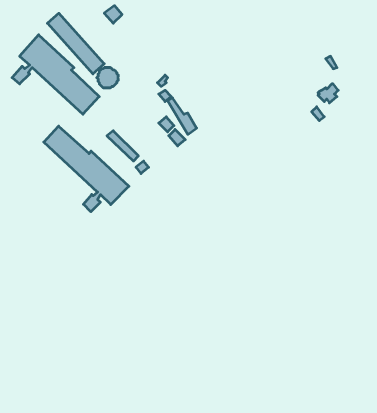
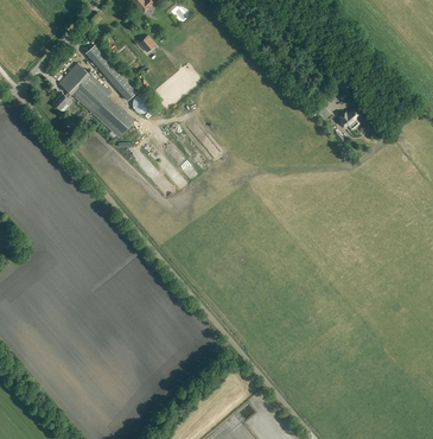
building: [44,126,129,212] -> none

